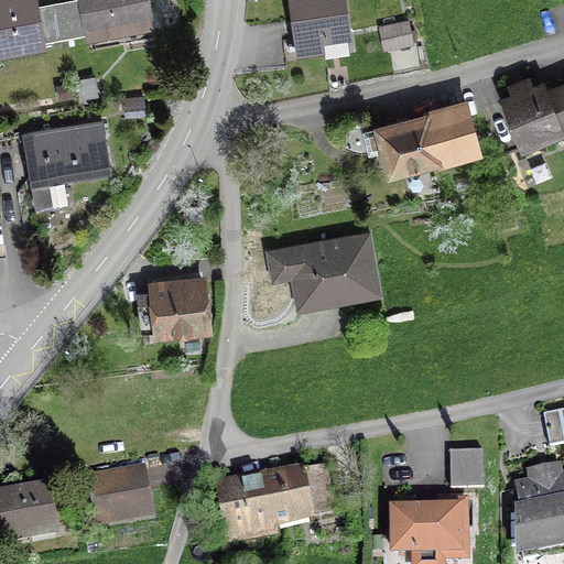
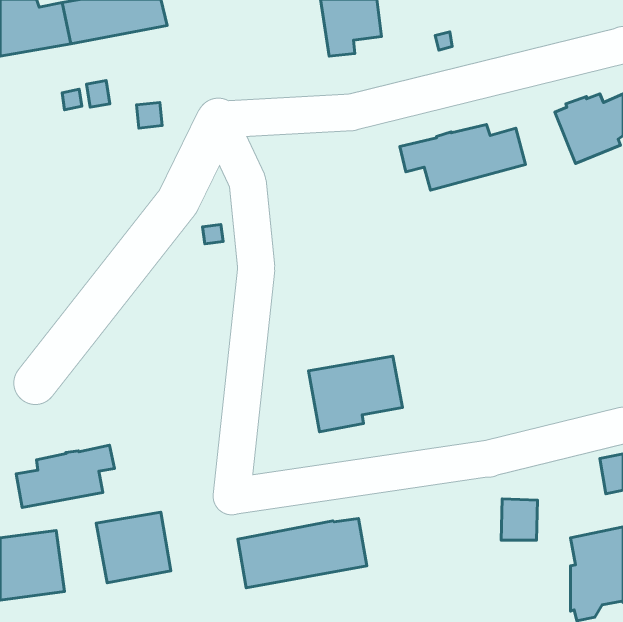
building: [21,115,112,210] -> none
building: [289,237,373,305] -> [309,356,402,432]
building: [135,271,213,336] -> none
building: none -> [16,445,114,507]
building: [388,506,459,557] -> none

